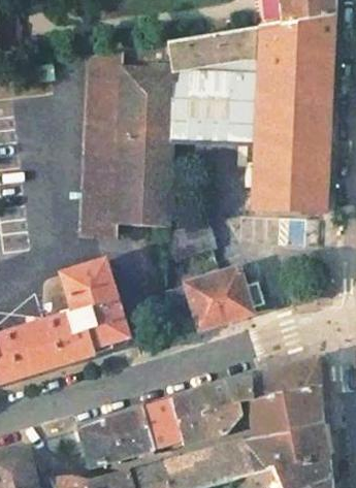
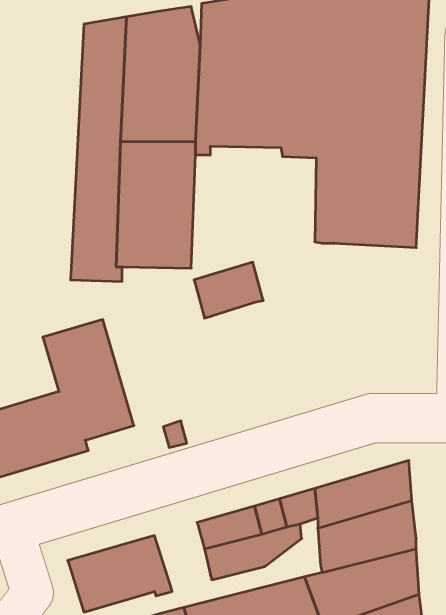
building: [165,265,264,336] -> none
building: [141,403,181,448] -> none

